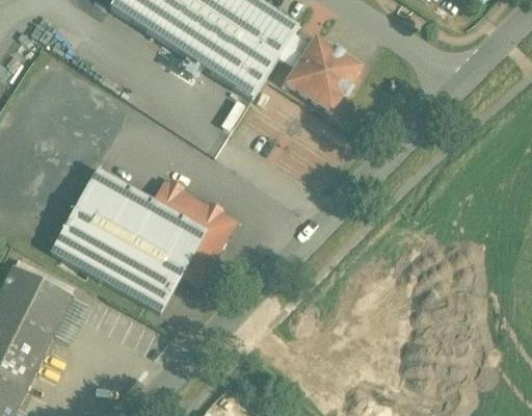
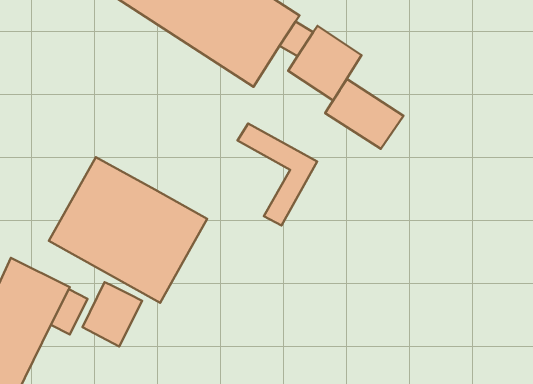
building: none -> [325,79,403,149]
building: [155,183,234,284] -> [238,124,317,225]
building: none -> [83,282,142,346]

